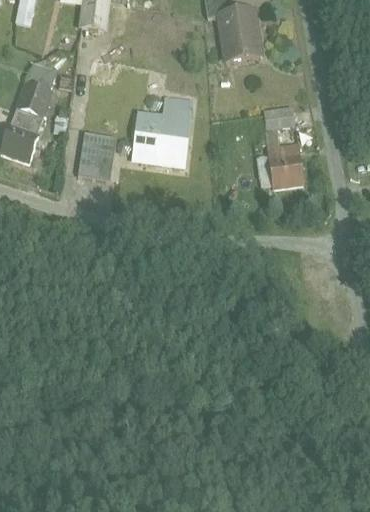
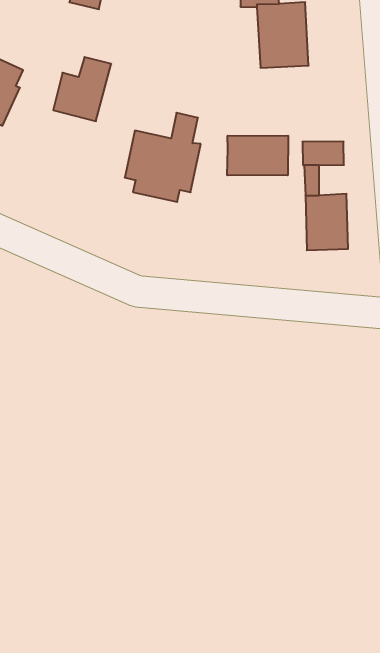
building: none -> [227,136,288,175]
building: [78,133,117,179] -> [53,57,111,121]

